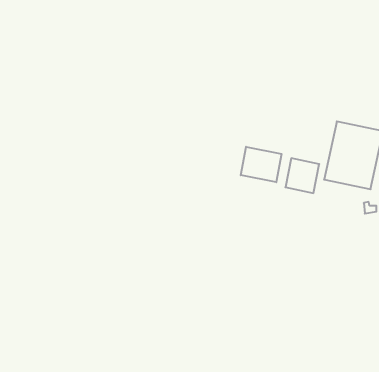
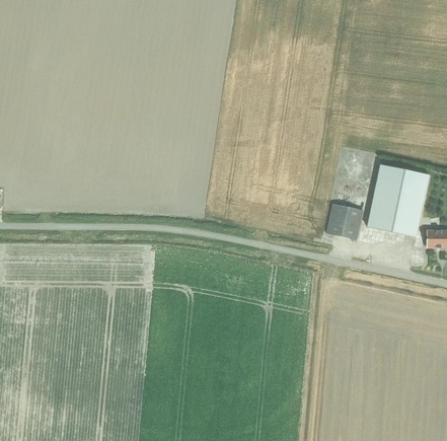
building: [241,147,282,182] -> none

